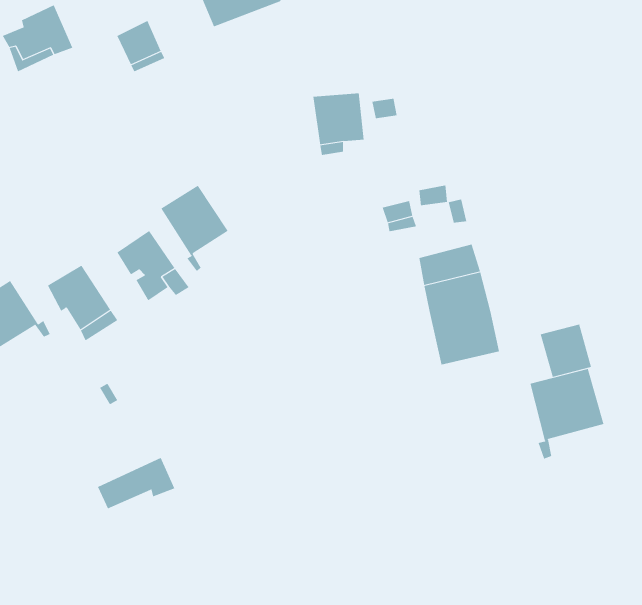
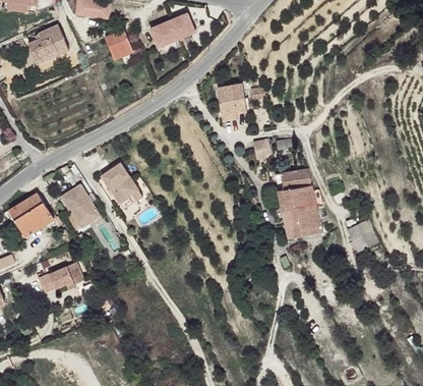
building: [160,185,229,272] -> none
building: [530,368,604,459] -> none
building: [97,457,175,509] -> [39,263,84,293]

